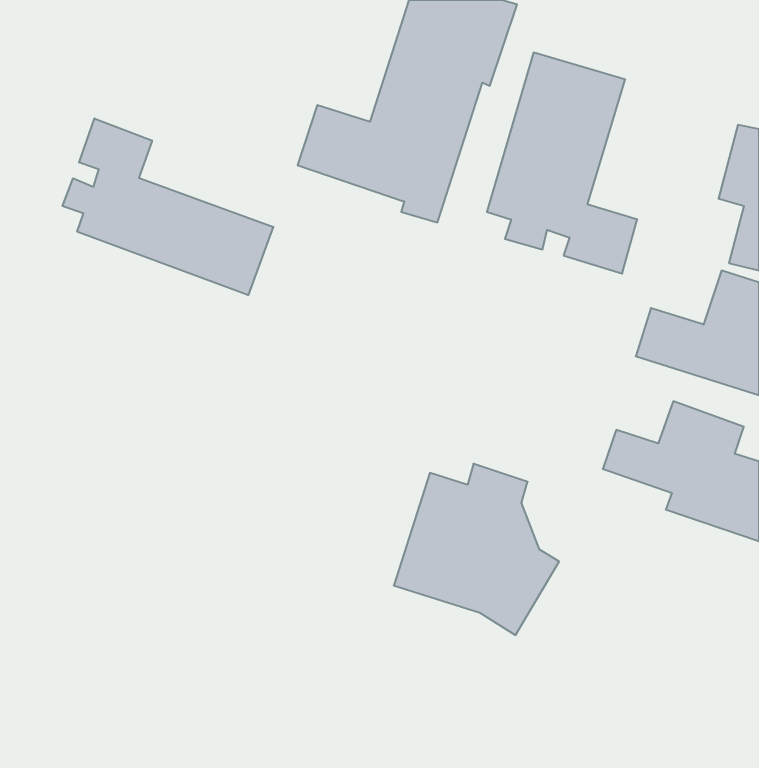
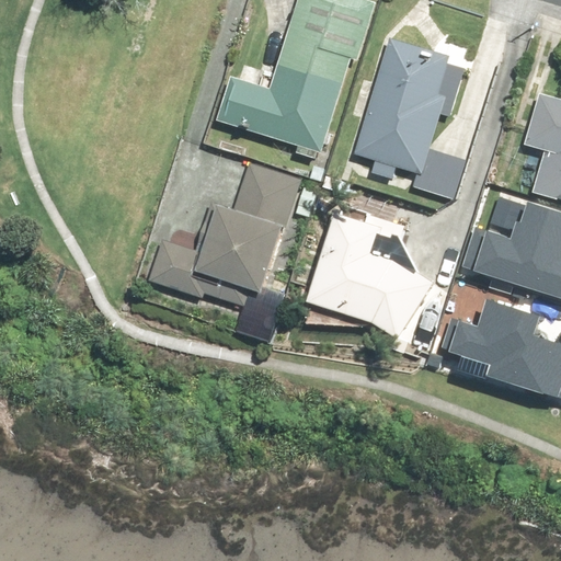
building: [62,118,273,295] -> none
building: none -> [146,160,305,310]
building: [394,464,559,635] -> [301,211,422,336]

